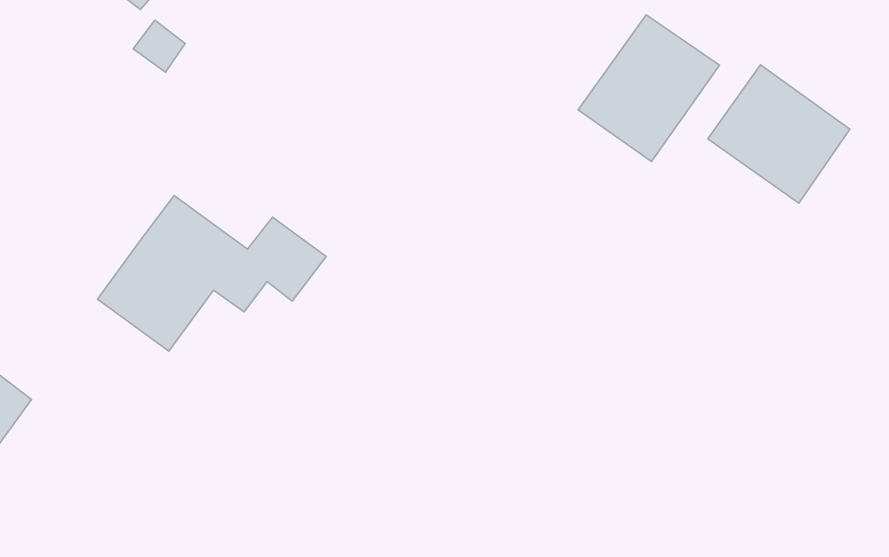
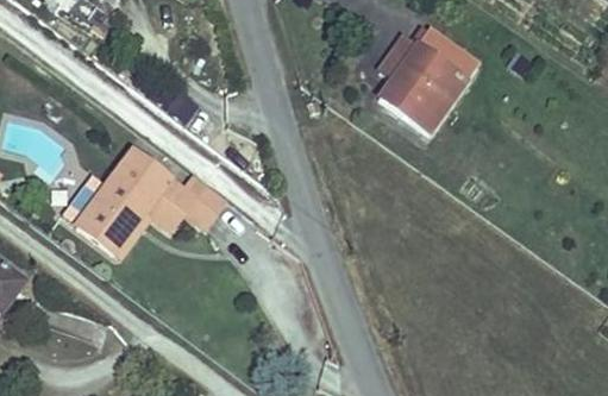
building: [708,65,850,203] -> none

